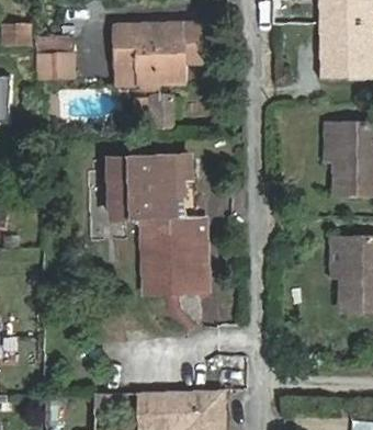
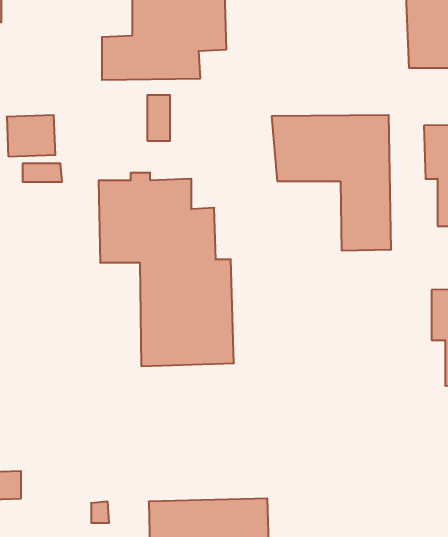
building: [37,52,72,81] -> [7,115,55,156]
building: none -> [272,115,391,251]

